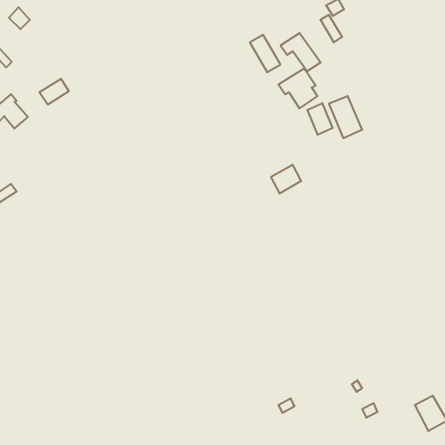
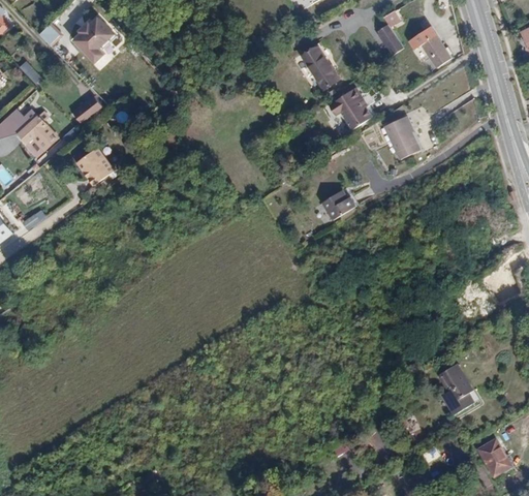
building: none -> [73,17,115,62]
building: [281,33,321,71] -> [408,26,452,67]
building: [307,103,333,135] -> none
building: none -> [73,144,112,183]
building: none -> [441,364,474,415]

